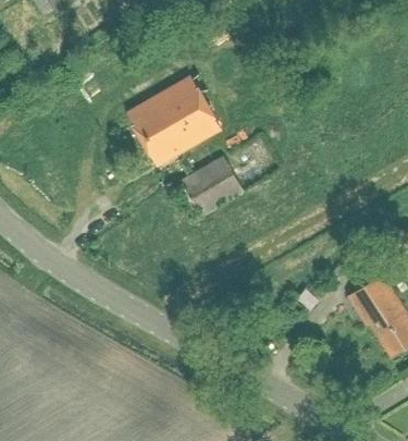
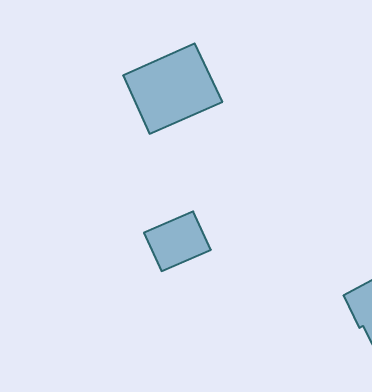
building: [181,157,244,215] -> [144,211,211,271]

